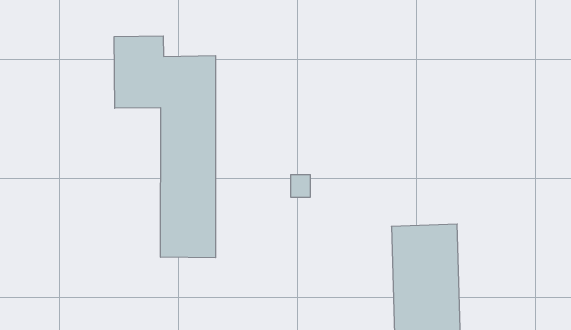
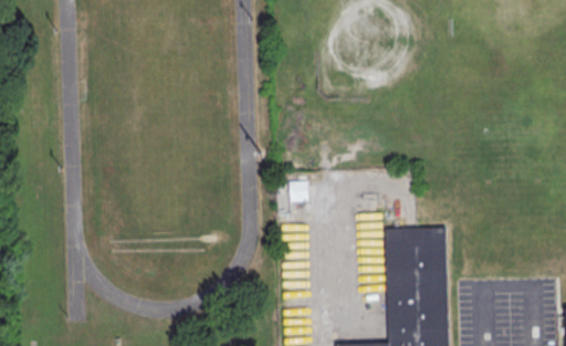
building: [114,36,215,258] -> none

